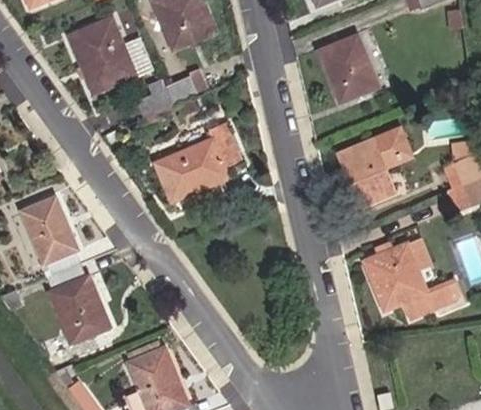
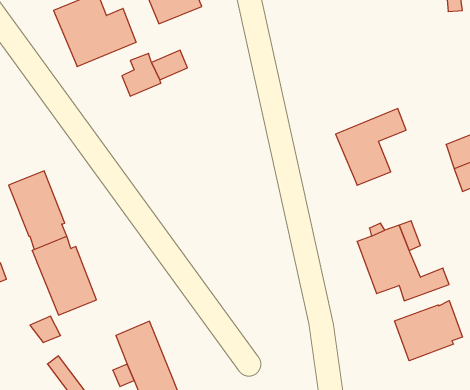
building: [321,38,379,103] -> none
building: [147,122,235,202] -> none
building: none -> [395,301,463,361]

